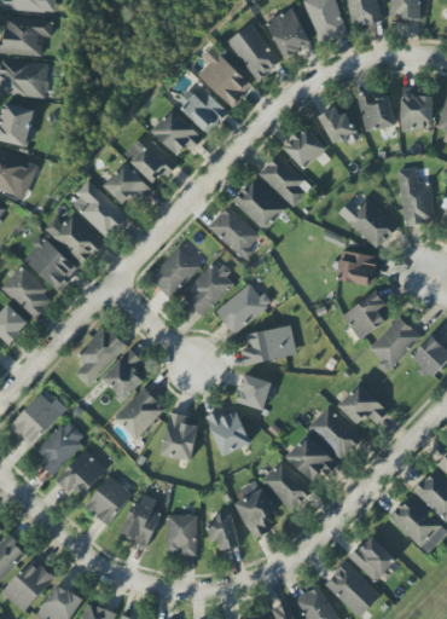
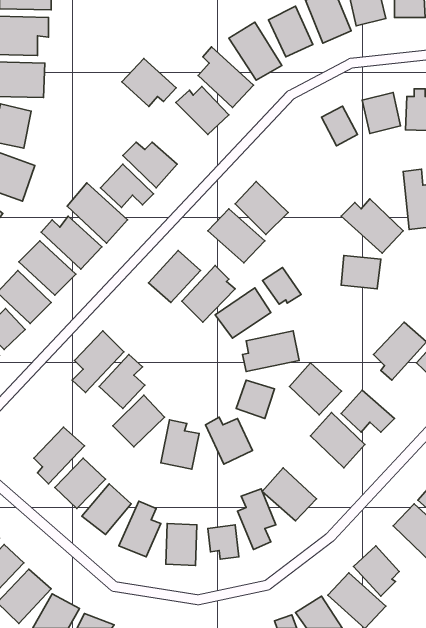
building: [150,108,203,155] -> [122,58,176,106]
building: [283,126,325,169] -> none
building: [257,155,306,207] -> none
building: none -> [263,267,301,304]
building: [342,291,389,340] -> none
building: [8,393,66,447] -> none
building: [285,434,336,485] -> [290,363,341,415]

